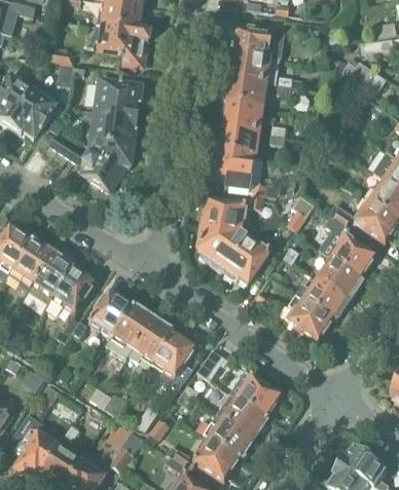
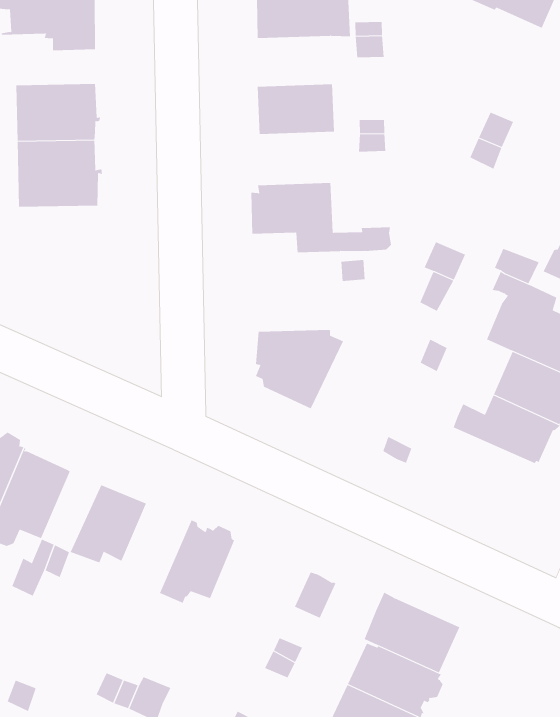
building: [222,76,264,106] -> none
building: [214,125,258,156] -> none
building: [81,142,131,187] -> none
building: [198,201,245,231] -> none
building: [222,238,268,284] -> none
building: [285,292,332,340] -> none
building: [106,303,151,356] -> none
building: [154,331,194,391] -> none

